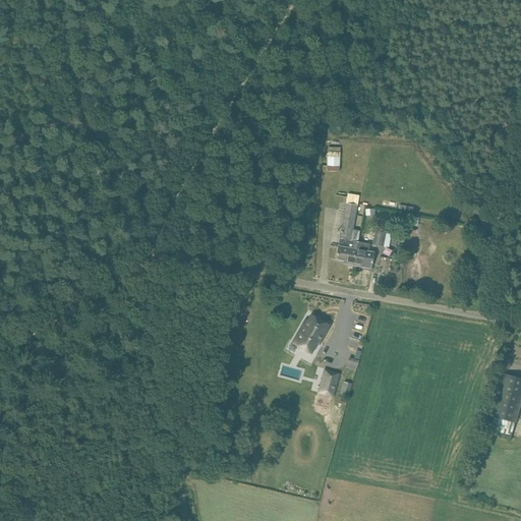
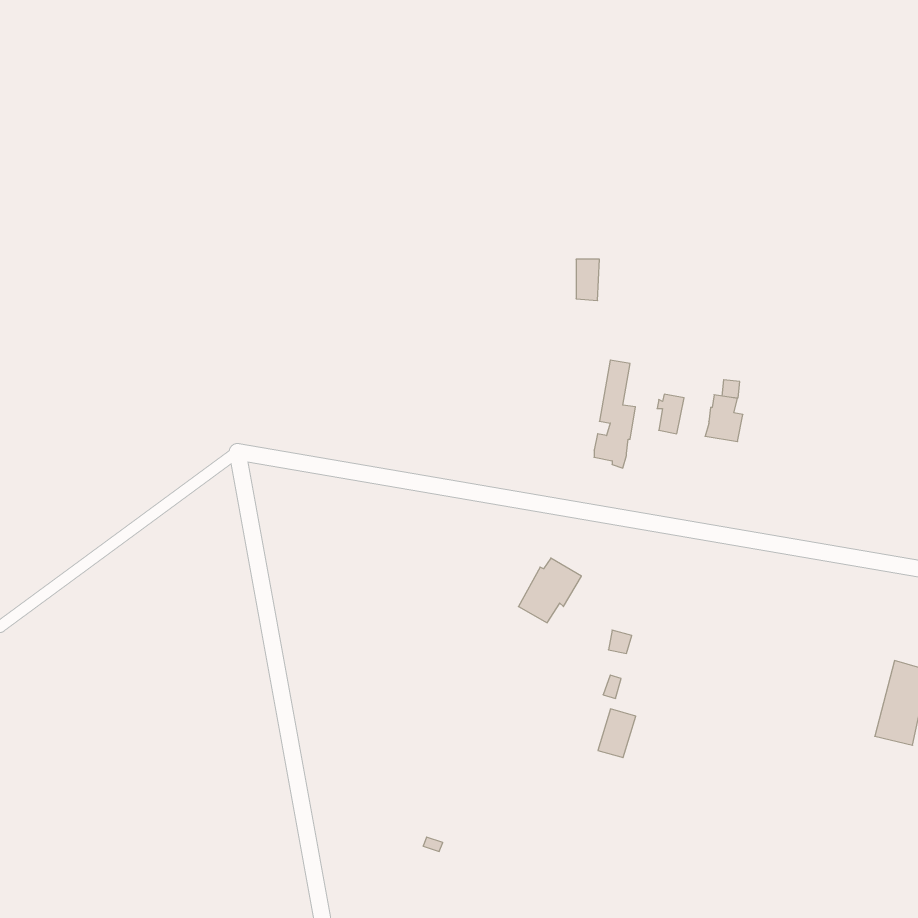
building: [353,241,374,268] -> [705,395,743,442]
building: [319,368,340,396] -> [598,709,636,758]

